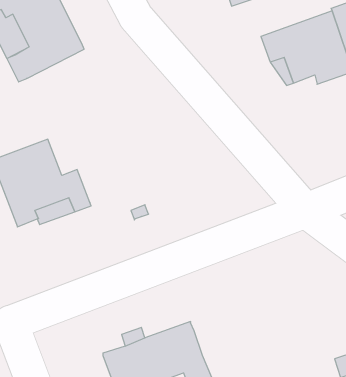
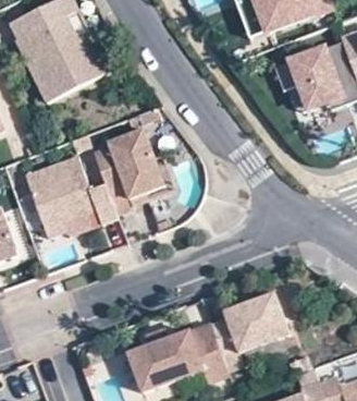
building: none -> [91,129,162,214]
building: none -> [208,294,287,356]

